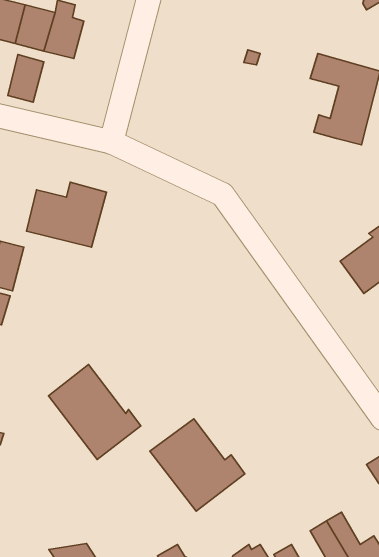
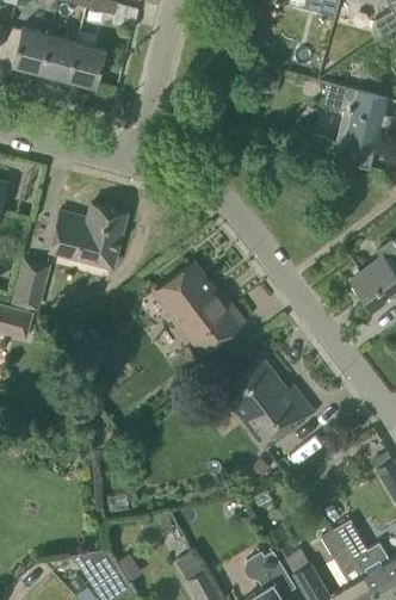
building: [8,55,44,102] -> none
building: [48,365,141,460] -> [155,264,243,354]
building: [150,419,245,511] -> [222,361,313,450]

